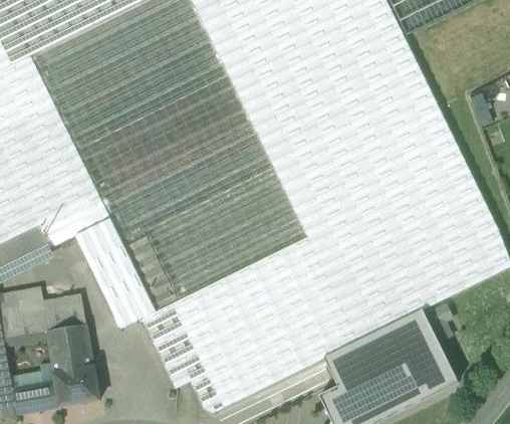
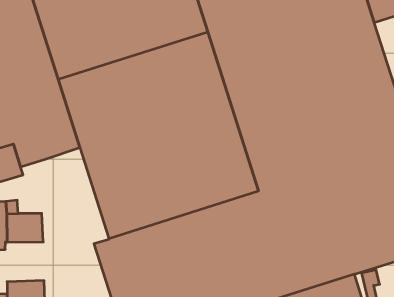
building: [75,217,156,328] -> none
building: [46,324,93,372] -> none

